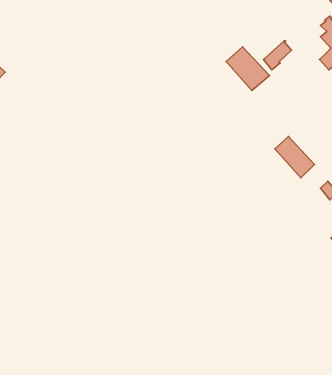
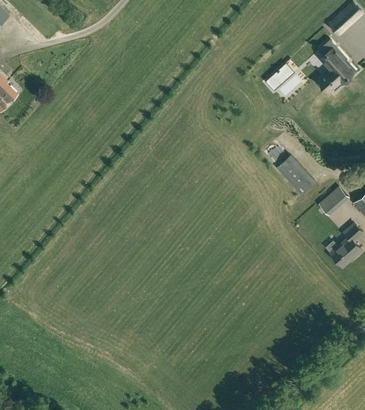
building: [226,47,270,90] -> none

